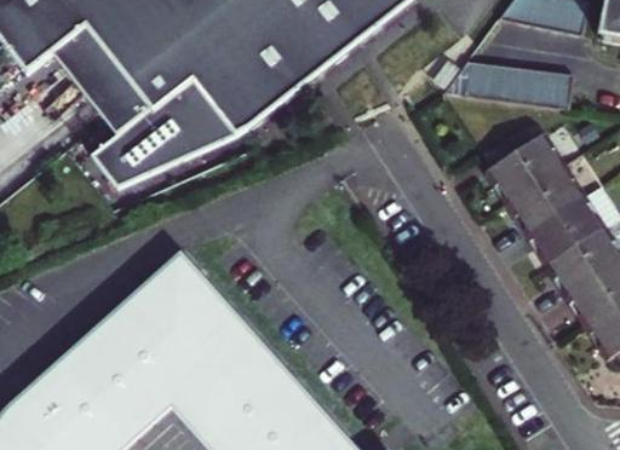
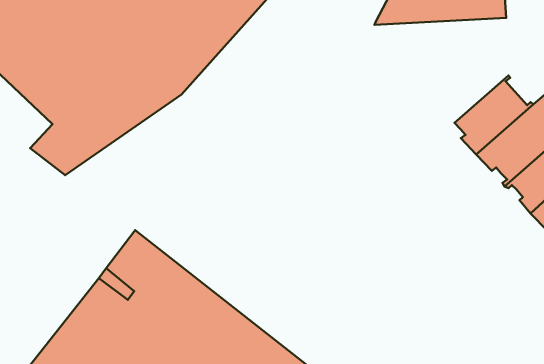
building: [478,126,563,202] -> none

